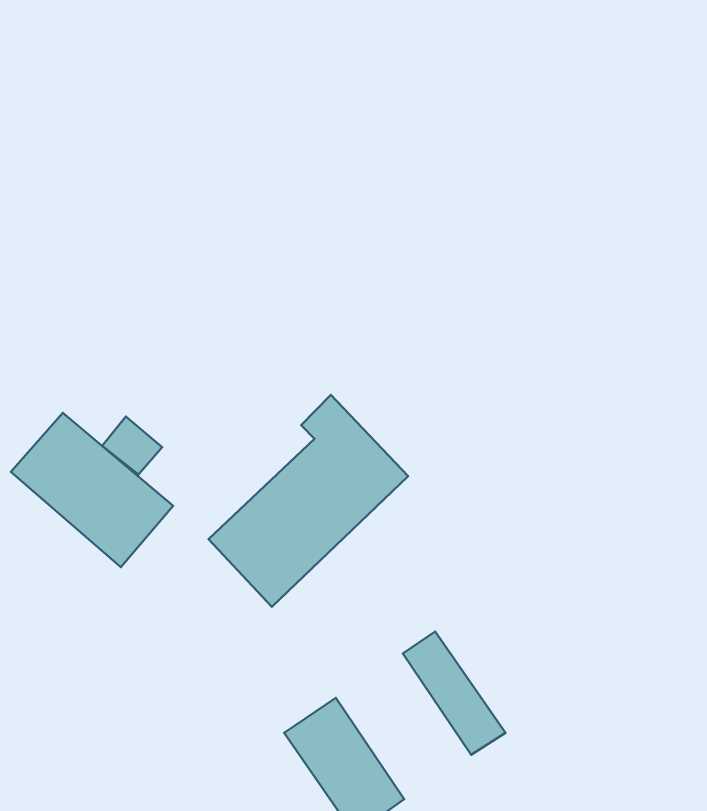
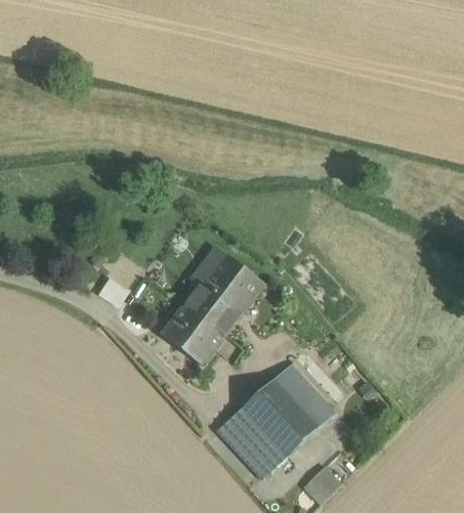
building: [11,413,173,567] -> none
building: none -> [242,379,318,456]

